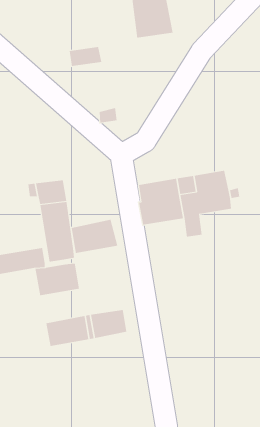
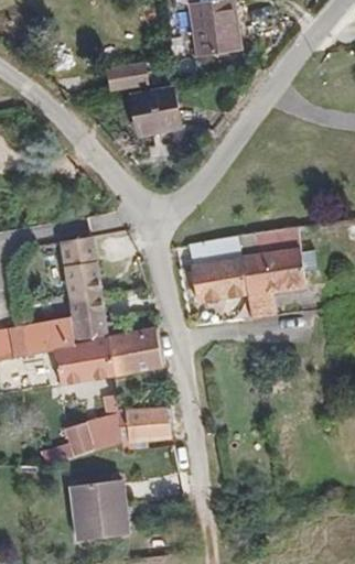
building: none -> [122,94,169,139]
building: [71,219,118,253] -> [109,334,170,378]
building: none -> [73,473,130,534]

